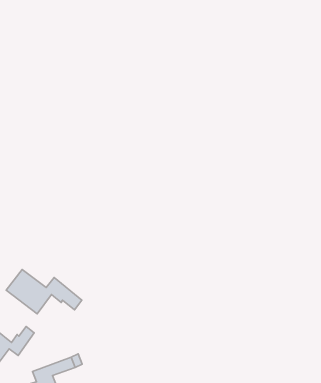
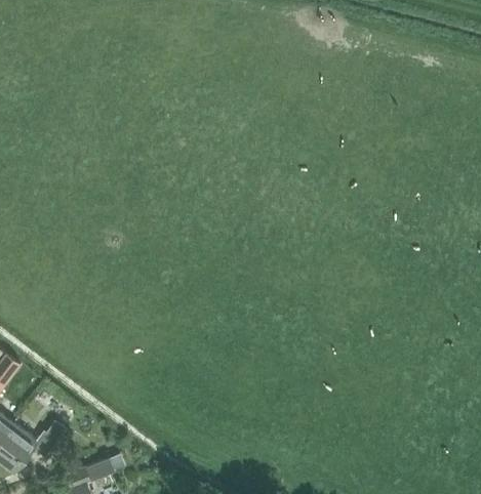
building: [6,269,82,314] -> none

